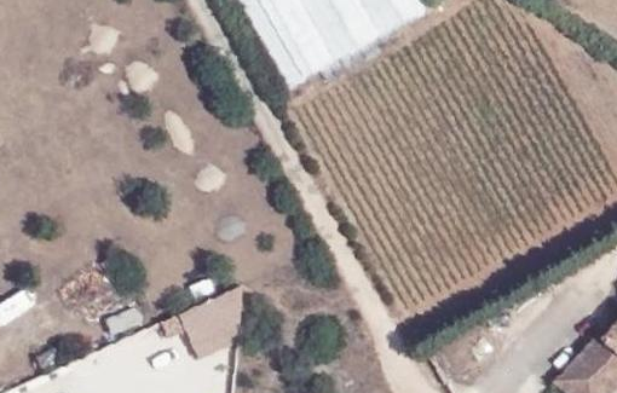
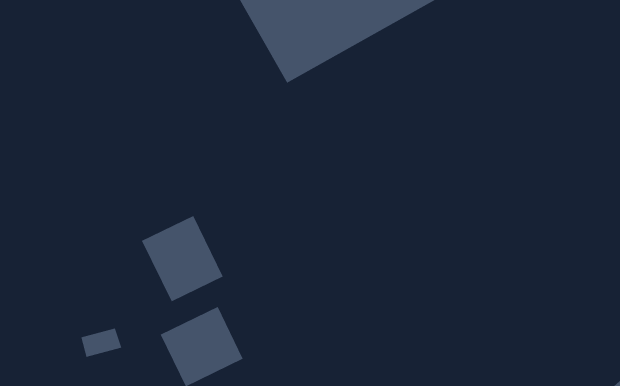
building: none -> [141,215,223,302]

